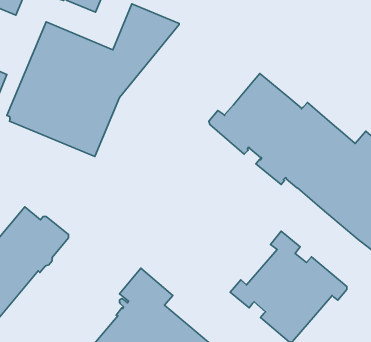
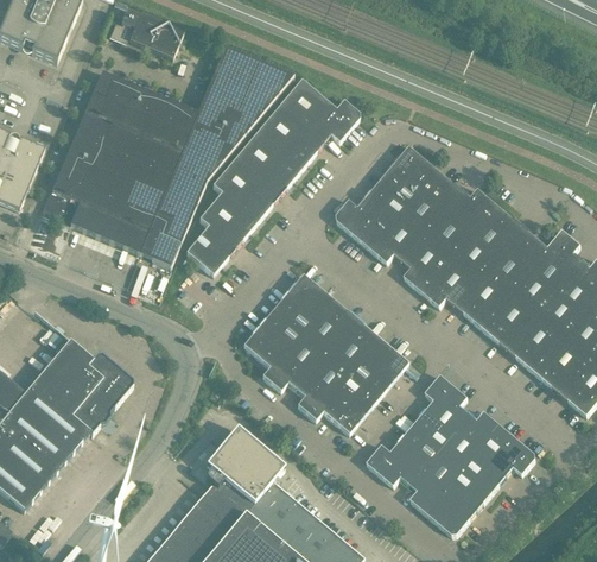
building: none -> [186,78,360,274]
building: none -> [243,273,408,432]

